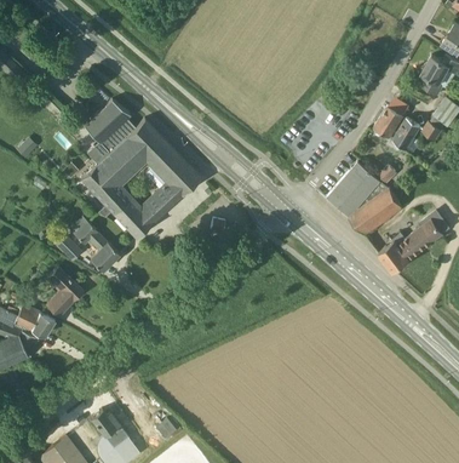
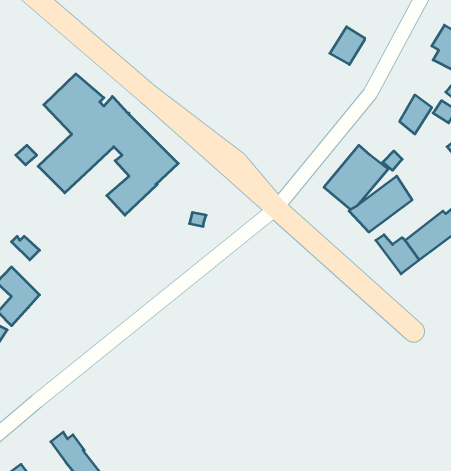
building: [373,105,403,138] -> [330,27,365,65]
building: [103,185,155,238] -> none
building: [75,222,119,271] -> none

